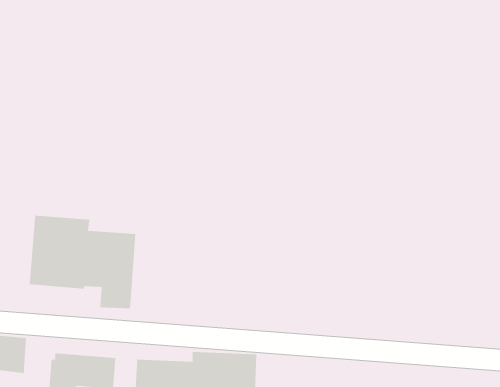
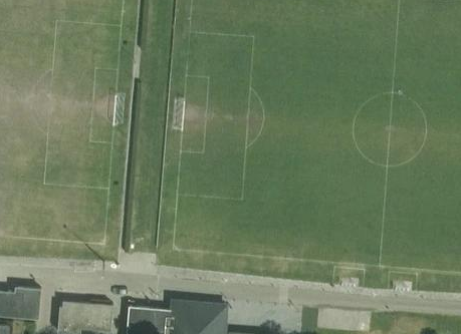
building: [29,215,136,309] -> none

